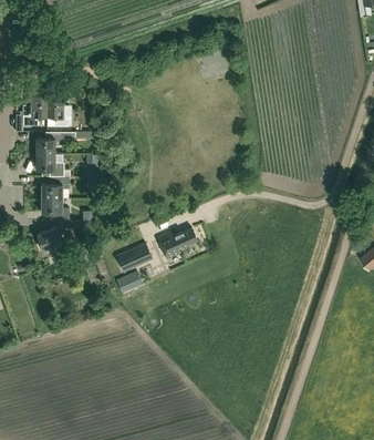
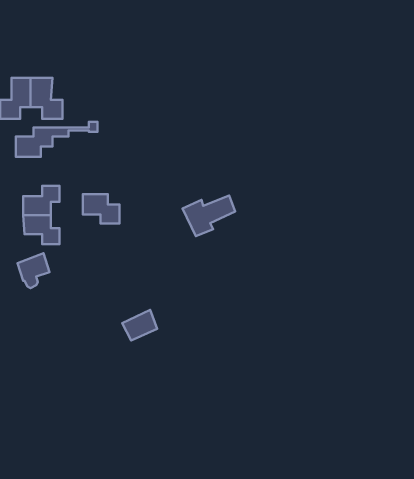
building: [34,155,62,177] -> [83,194,119,223]
building: [156,228,196,259] -> [183,195,235,236]
building: [115,244,152,273] -> none

